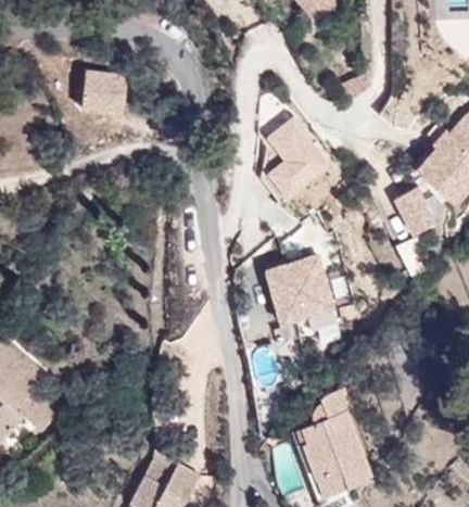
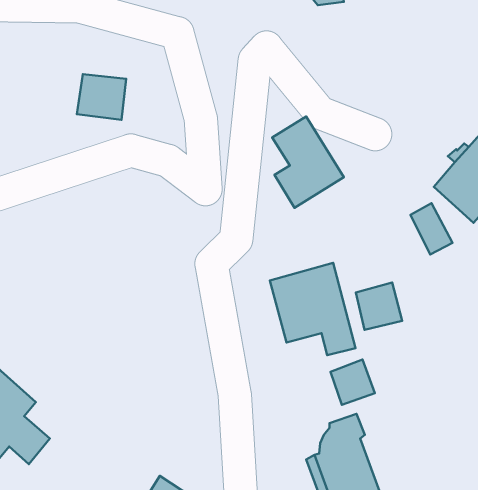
building: none -> [356,282,402,330]
building: none -> [330,359,375,405]

